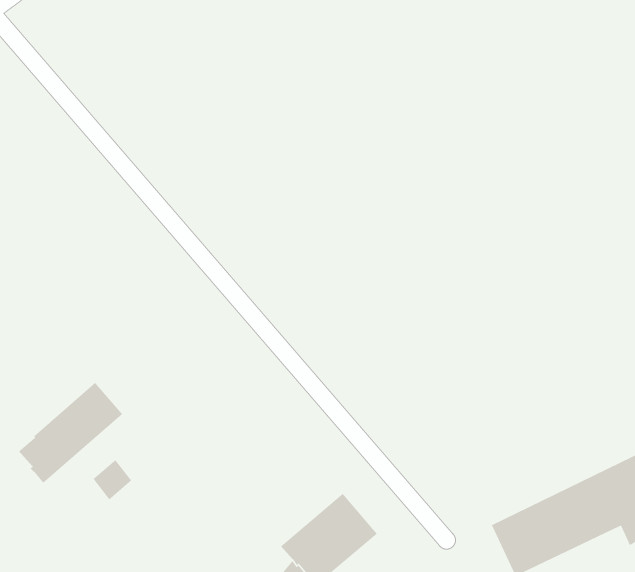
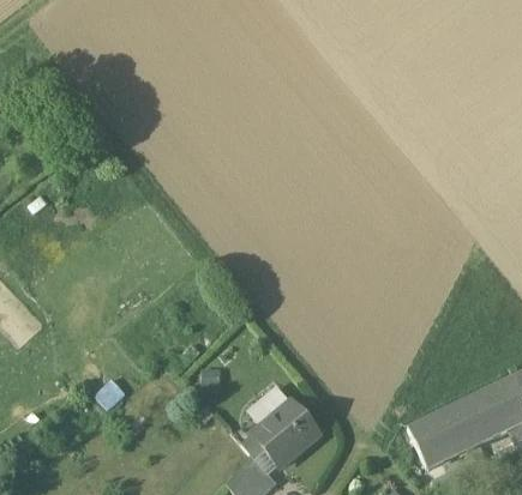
building: [18,382,123,484] -> none

